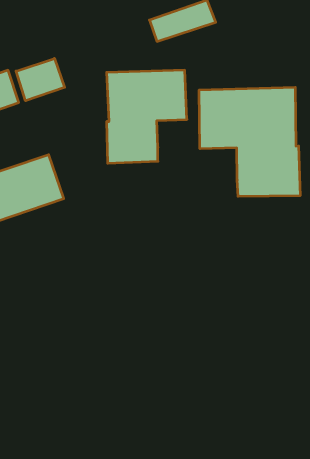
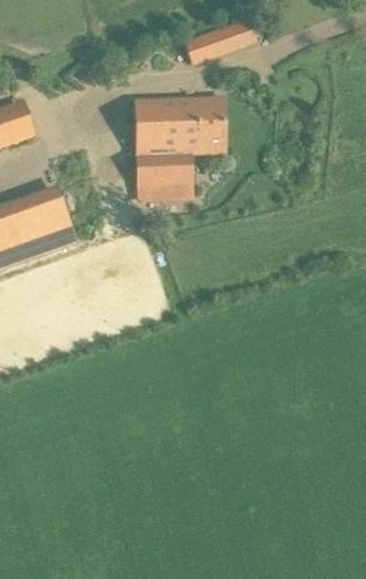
building: [16,58,65,101] -> none
building: [199,87,300,196] -> none

